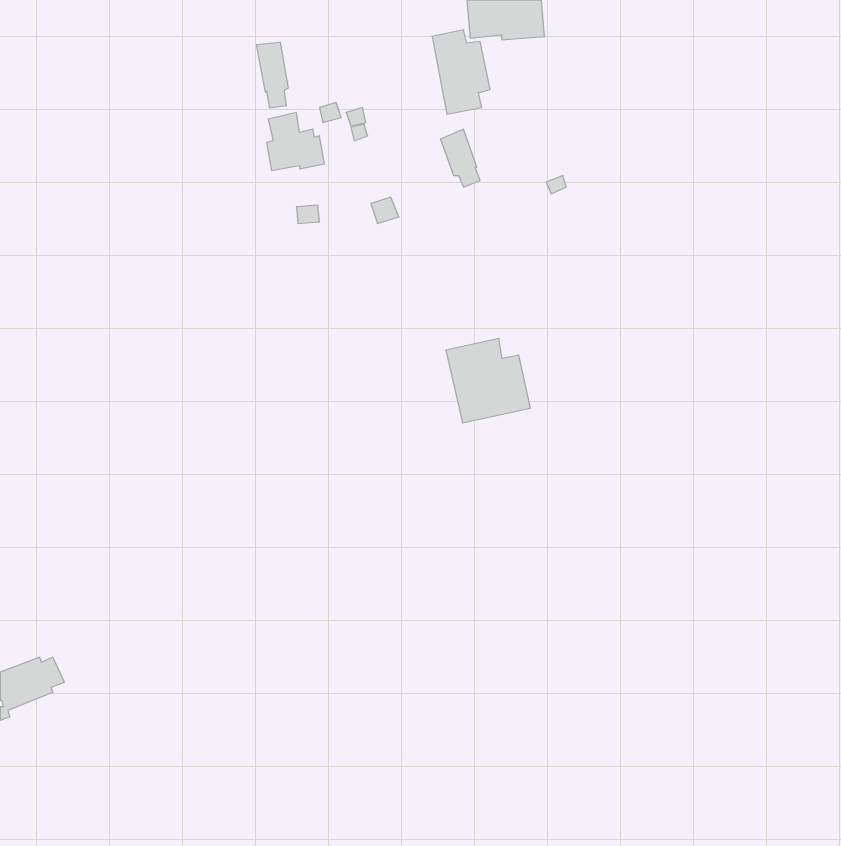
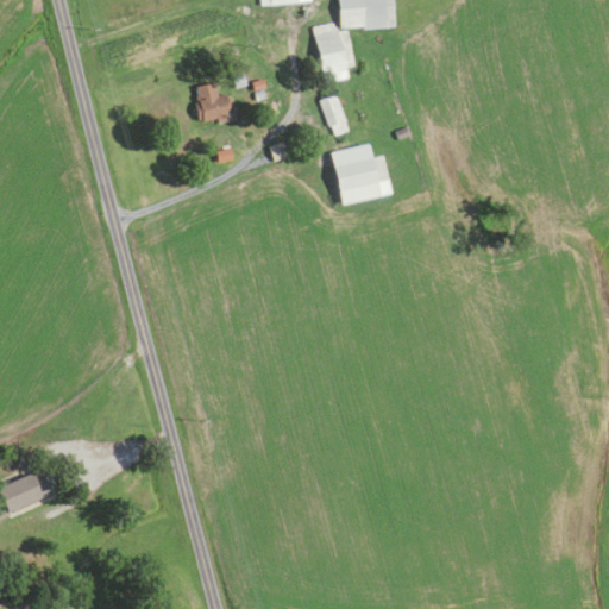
building: [257,42,288,108] -> none
building: [446,339,530,423] -> [331,143,391,203]

